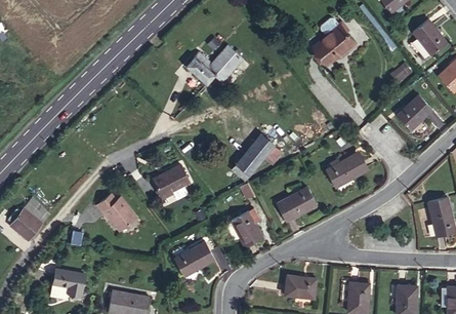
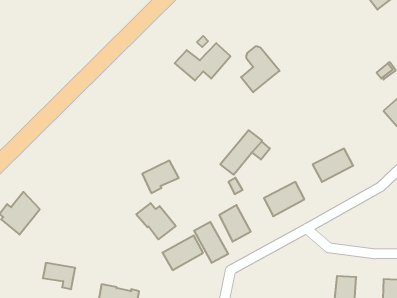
building: [316,18,355,65] -> [241,47,280,92]
building: [97,194,137,231] -> [136,203,176,239]
building: none -> [194,222,228,263]
building: [285,275,317,299] -> none

